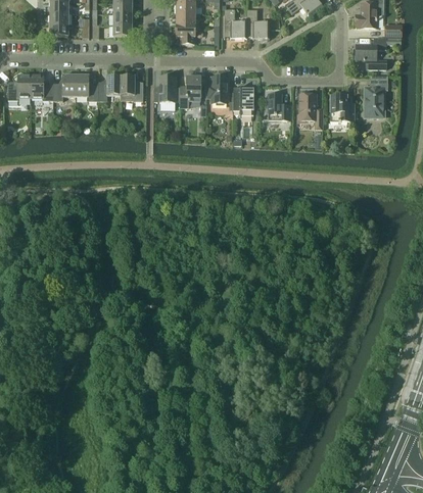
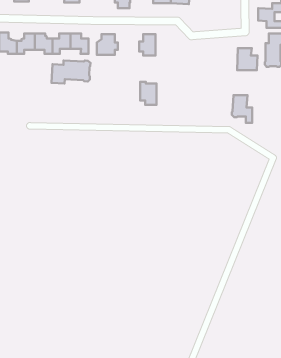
building: [180,76,200,106] -> none
building: [233,86,253,114] -> [140,82,157,105]
building: [268,93,291,119] -> none
building: [297,93,323,128] -> [232,95,252,123]
building: none -> [52,61,90,83]

